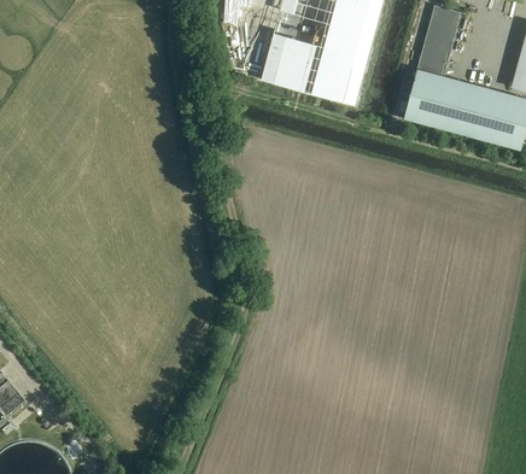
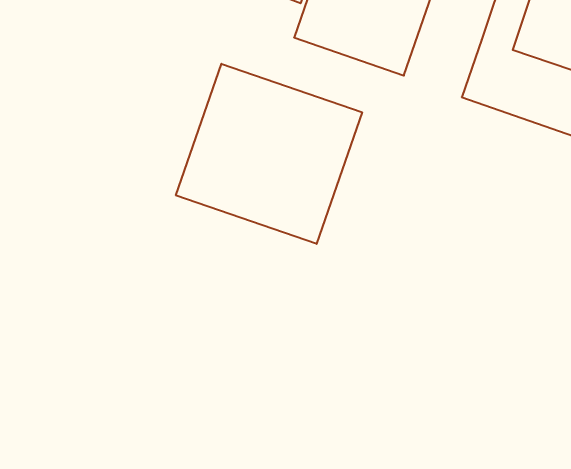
building: none -> [176,64,362,244]

